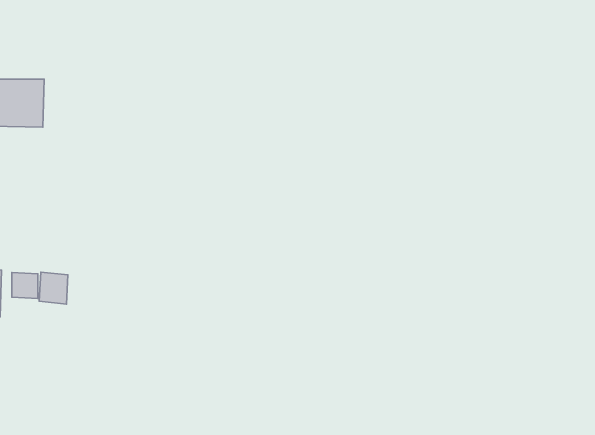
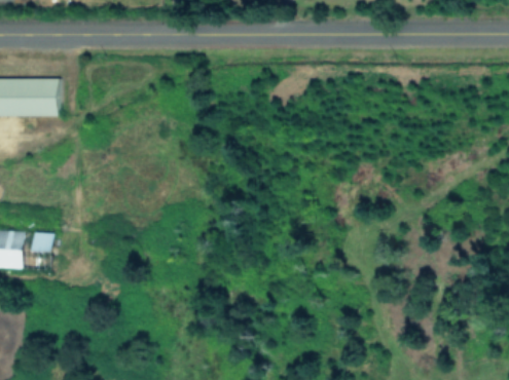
building: [39,272,68,304] -> none

